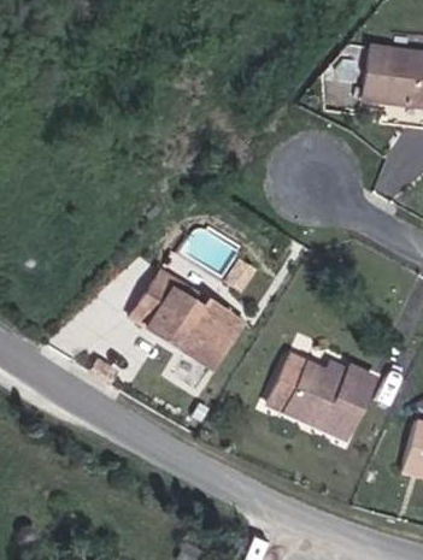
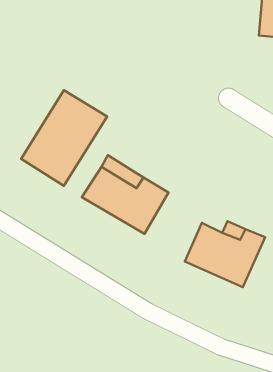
building: none -> [21,90,107,186]

